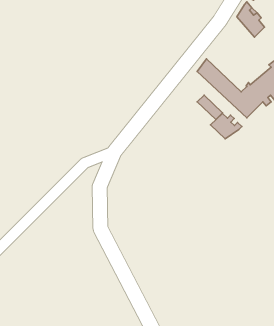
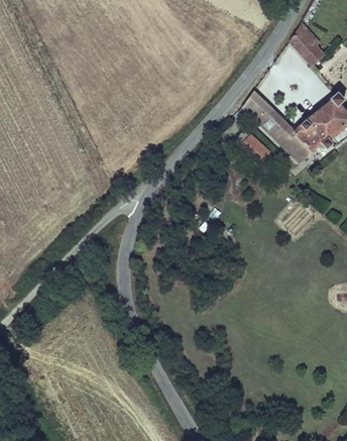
building: [210,113,242,139] -> none

